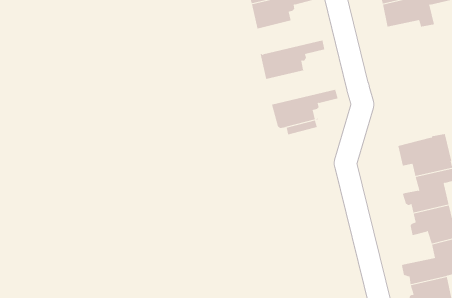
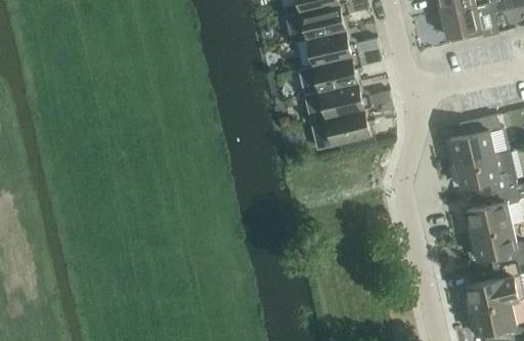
building: none -> [306,29,377,66]
building: none -> [315,82,390,119]
building: none -> [444,116,507,163]

